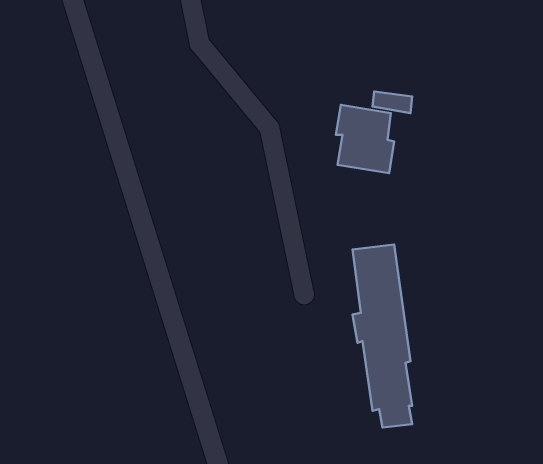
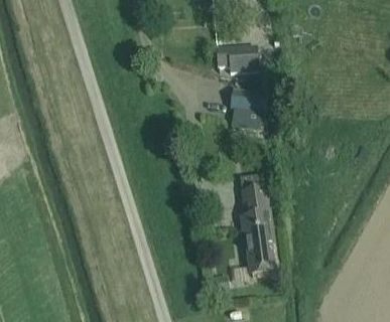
building: none -> [216,45,257,71]

